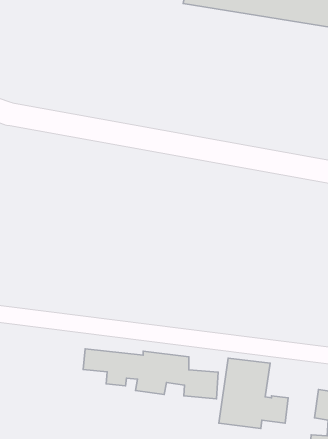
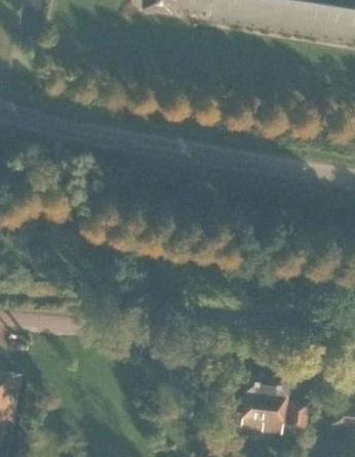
building: [83,349,218,399] -> none

